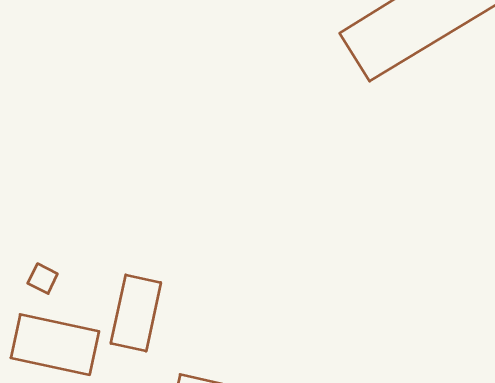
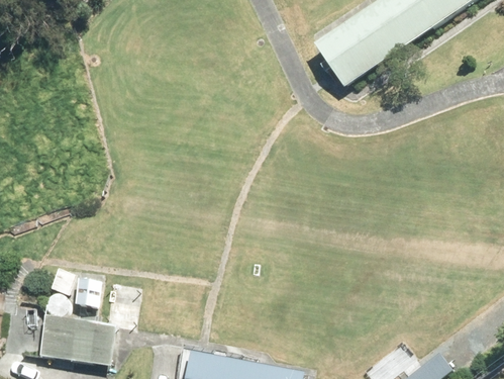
building: [111,275,161,351] -> none

